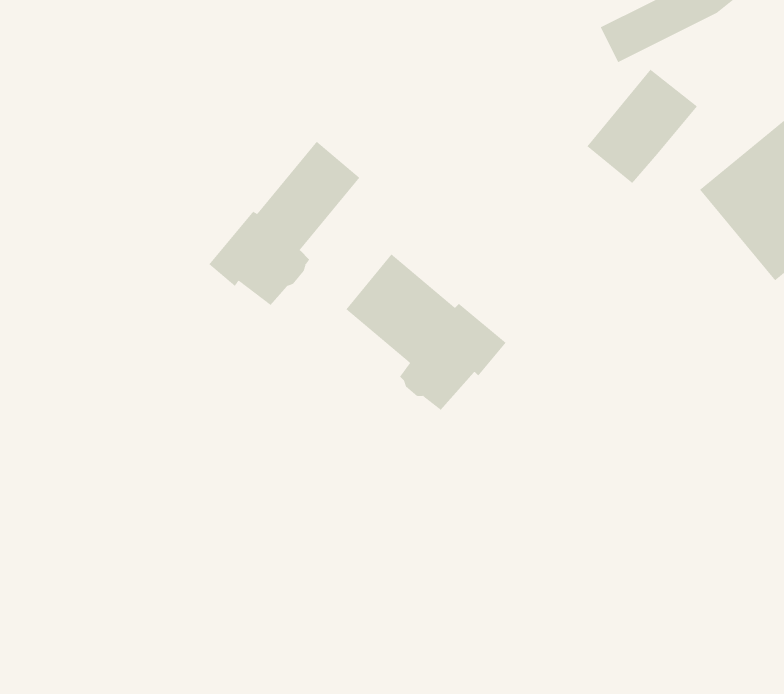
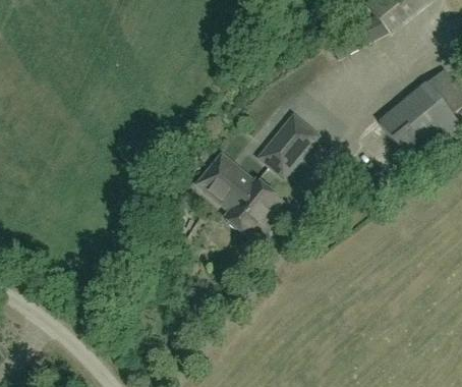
building: [587,69,698,184] -> [259,115,316,174]
building: [208,141,360,306] -> none

